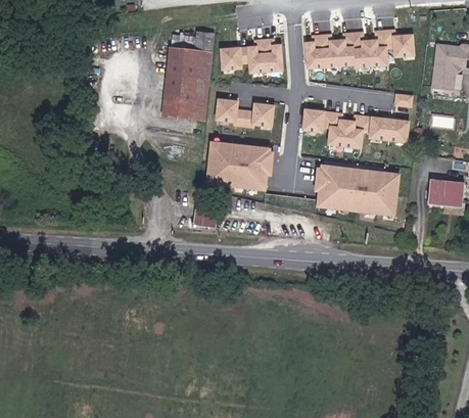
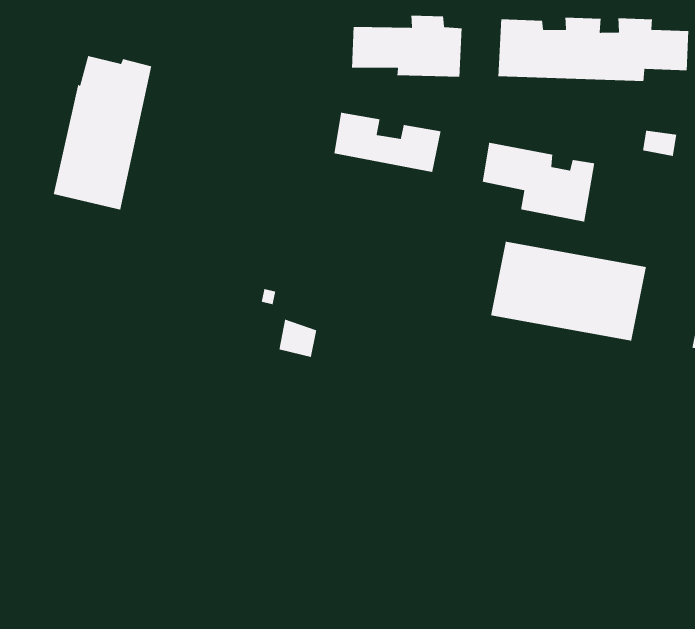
building: [162,40,214,128] -> [53,55,152,211]
building: [367,113,409,140] -> none
building: [204,139,274,188] -> none

